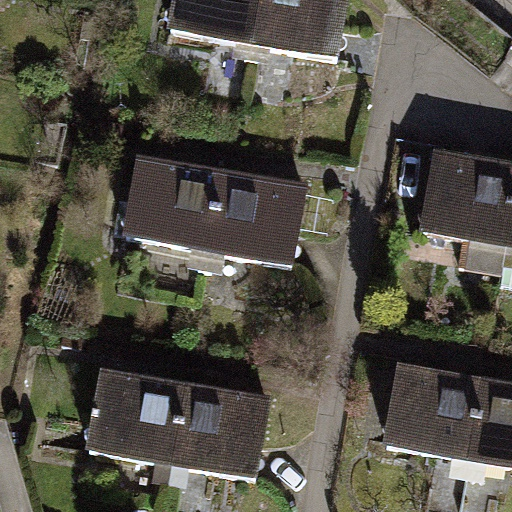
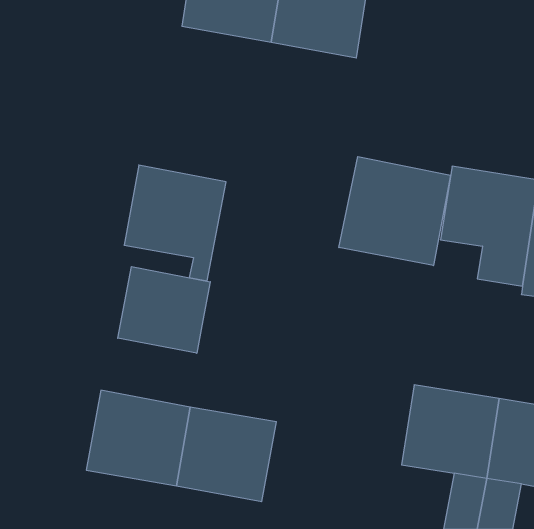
building: none -> [339,157,451,266]
building: [204,173,302,263] -> none
building: none -> [118,267,210,353]

